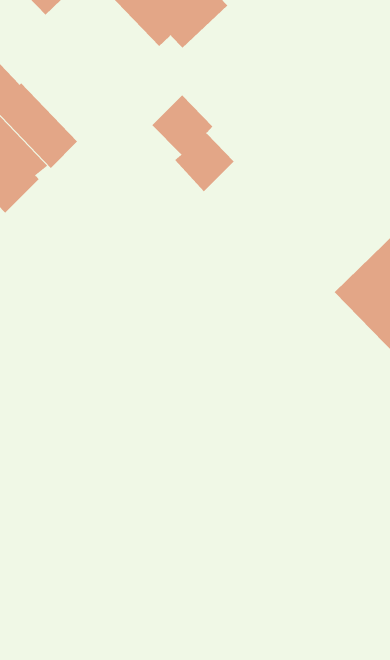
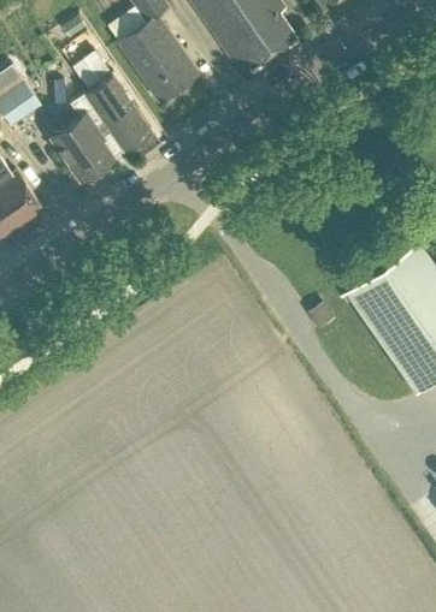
building: [151,94,235,192] -> [124,16,189,101]

